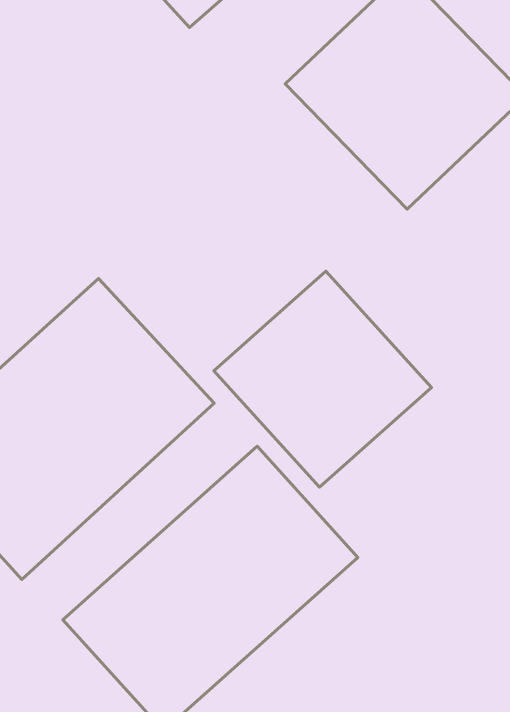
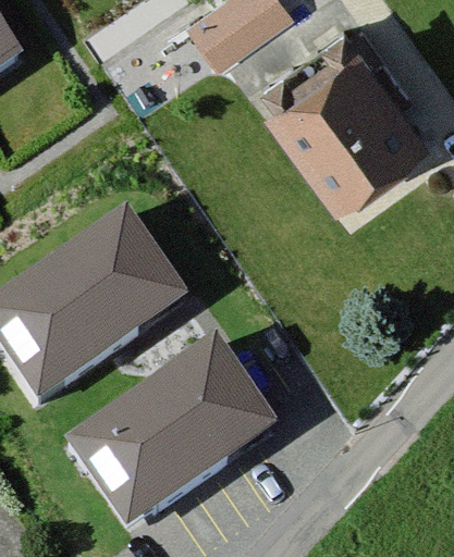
building: [214,271,432,487] -> none

